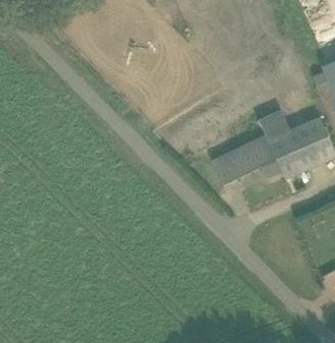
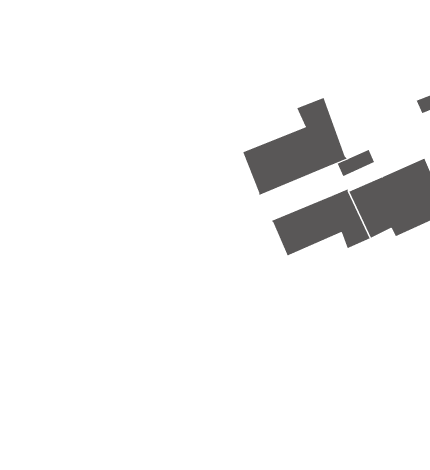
building: none -> [242,97,348,196]

